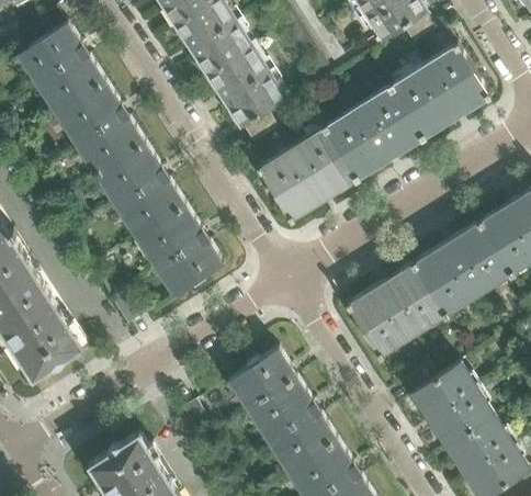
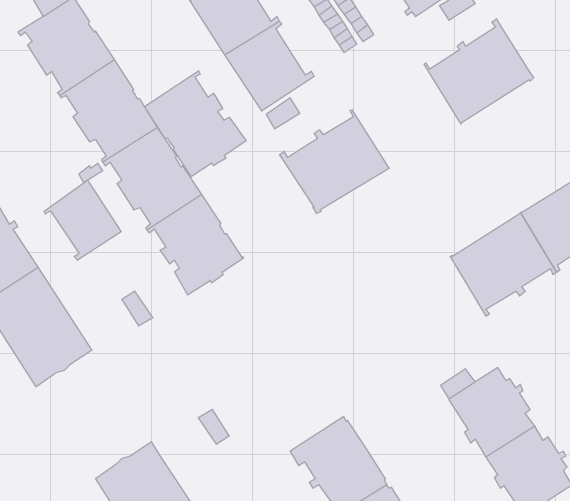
building: [325,86,425,181] -> none
building: none -> [144,71,246,177]
building: none -> [44,180,121,260]
building: [347,262,448,360] -> none
building: [228,348,317,441] -> none

